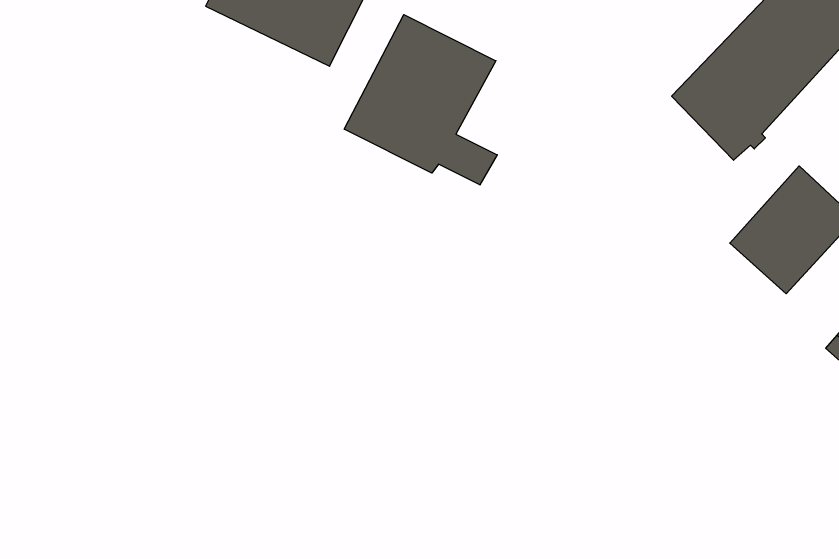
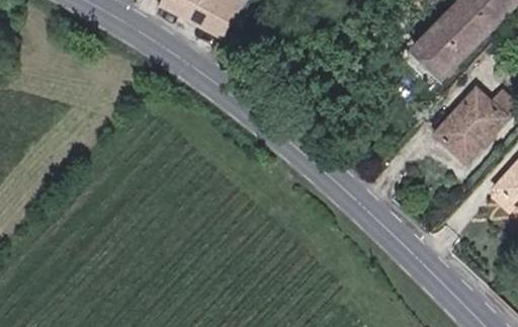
building: [344,15,497,185] -> none

